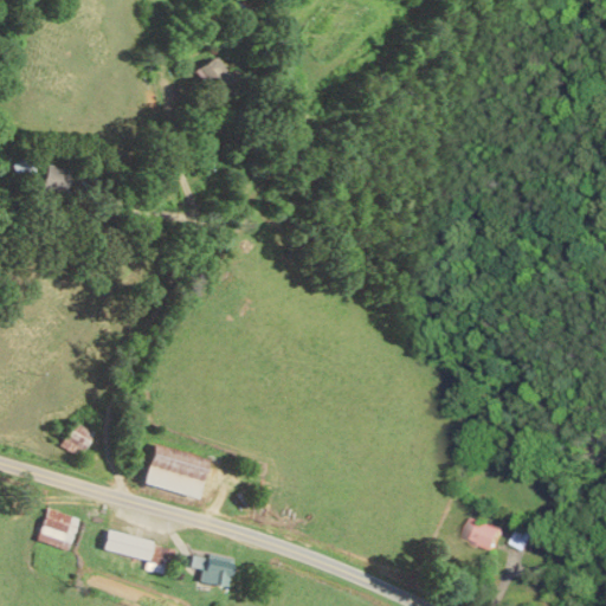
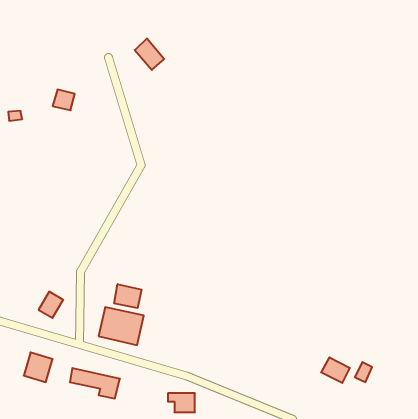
building: [41,165,73,194] -> [53,90,75,110]
building: none -> [114,284,142,308]
building: [192,556,231,584] -> [168,393,195,412]

